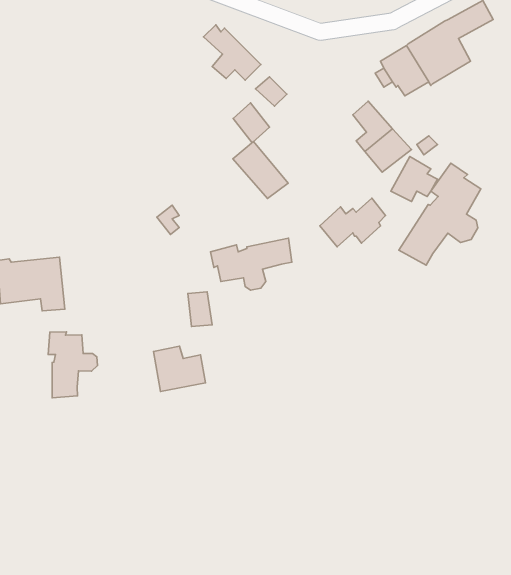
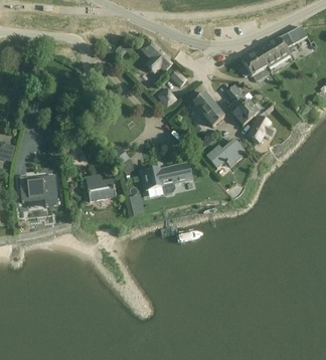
building: [233,141,288,199] -> [191,92,223,125]
building: [399,163,481,265] -> none
building: [48,332,97,398] -> none
building: [154,346,206,391] -> [85,174,115,200]

